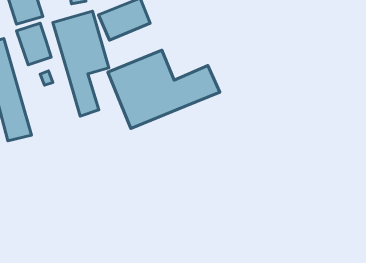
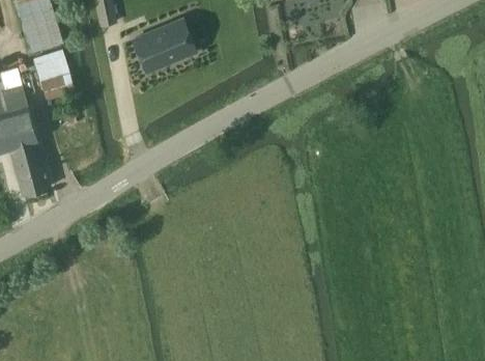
building: [53,11,109,116] -> none
building: [108,50,220,128] -> none

